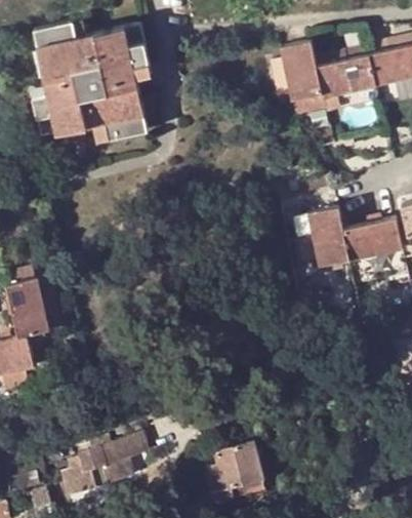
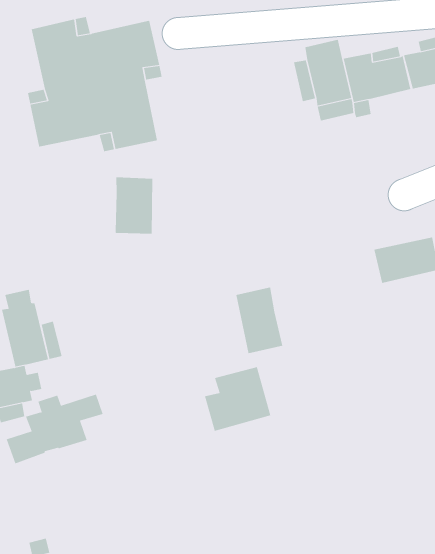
building: none -> [115,176,153,234]
building: [306,208,349,269] -> [235,287,283,354]
building: [60,434,149,497] -> [6,394,103,464]
building: [205,442,265,501] -> [204,367,271,431]

